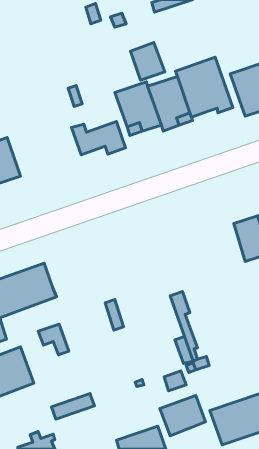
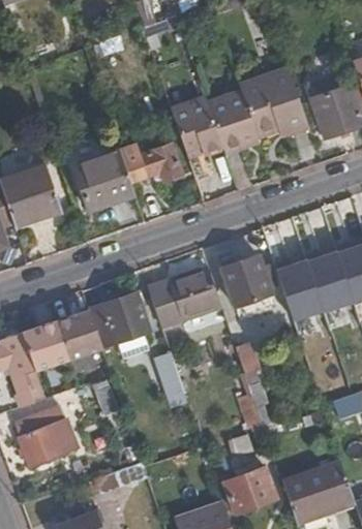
building: [131,43,165,80] -> none
building: none -> [73,150,135,210]
building: none -> [221,255,271,306]
building: none -> [280,263,324,317]
building: none -> [149,269,221,326]
building: none -> [88,291,149,341]

